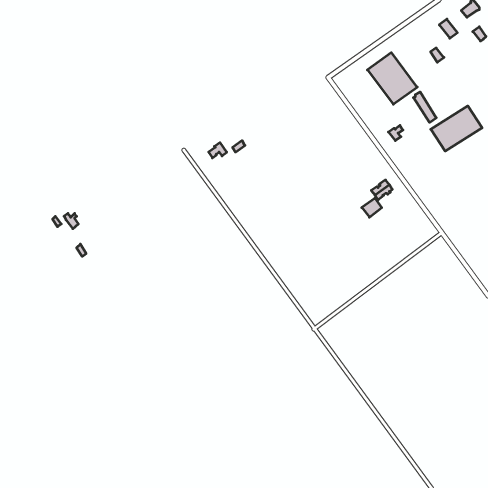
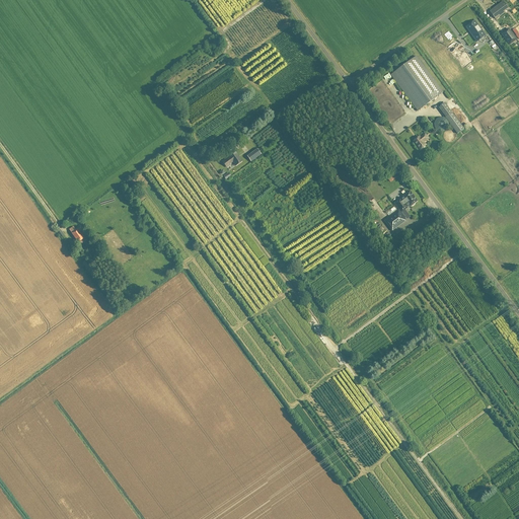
building: [431,106,482,151] -> none

